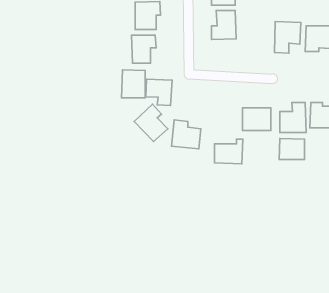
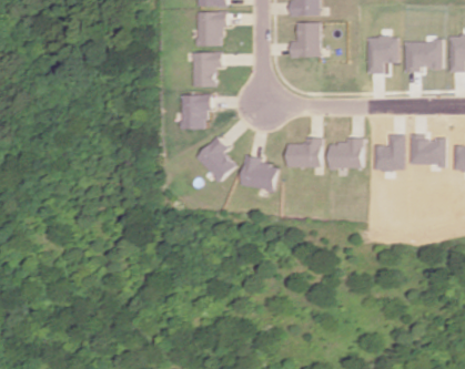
building: [146,79,172,105] -> none
building: [279,138,305,160] -> none
building: [215,139,243,164] -> [286,137,321,167]

